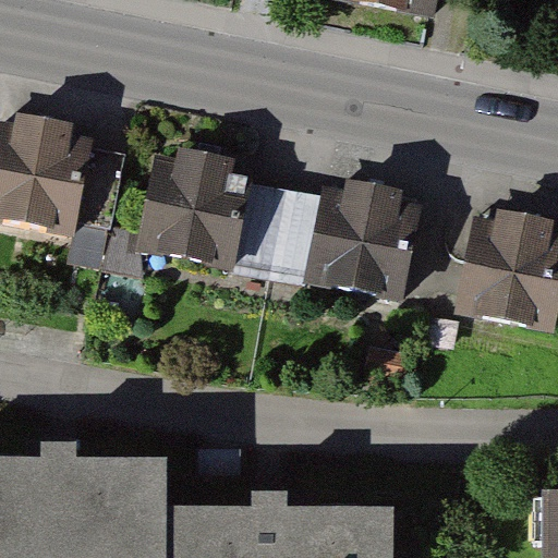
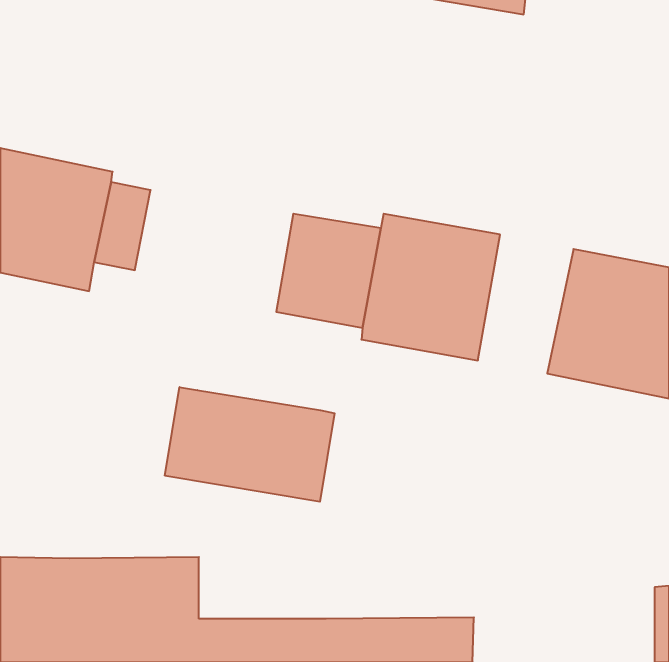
building: [130,151,245,269] -> none
building: none -> [165,387,335,502]

